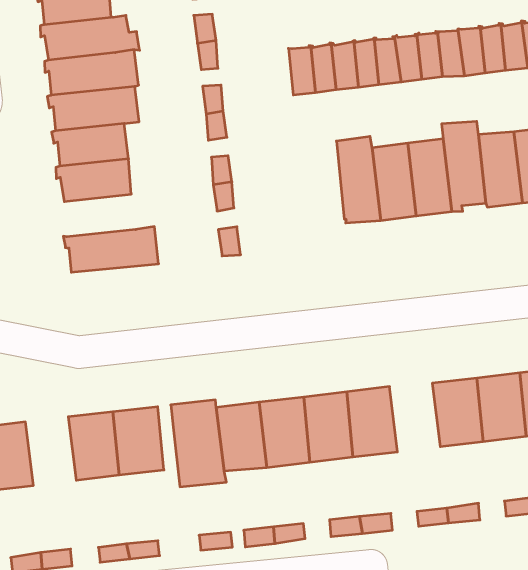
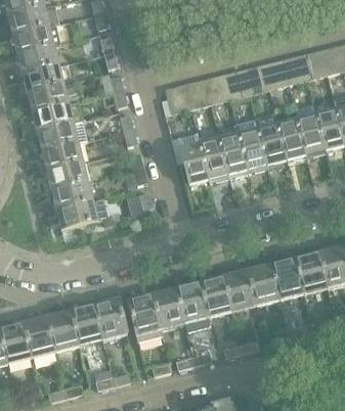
building: none -> [178,132,209,186]
building: none -> [49,181,93,210]
building: none -> [247,264,279,305]
building: none -> [46,310,79,351]

